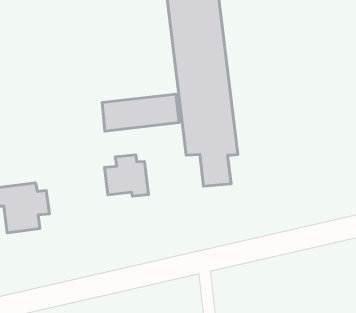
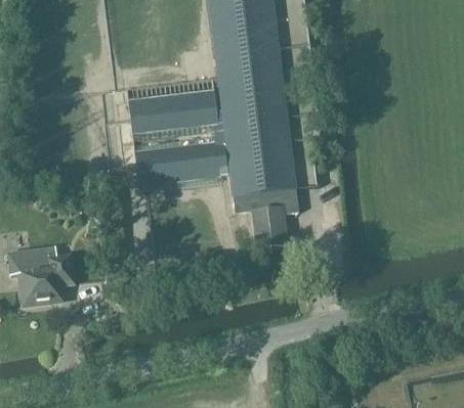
building: none -> [129,91,217,134]
building: [105,155,149,196] -> none

